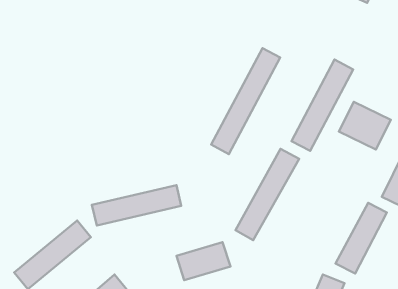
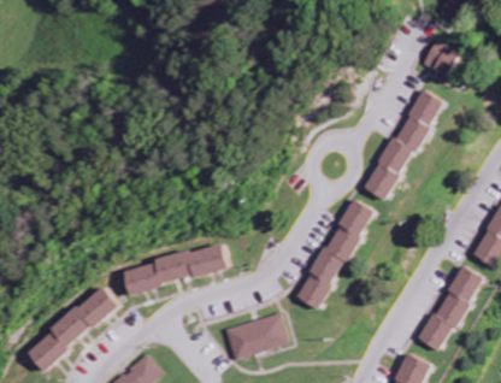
building: none -> [423,41,456,76]
building: [211,48,280,154] -> none
building: [339,102,391,150] -> none

